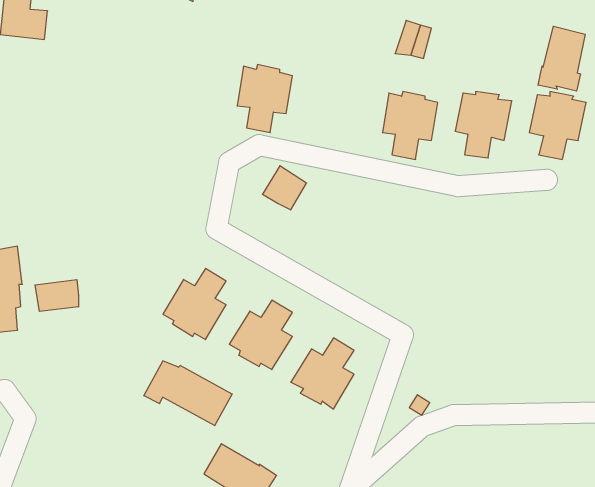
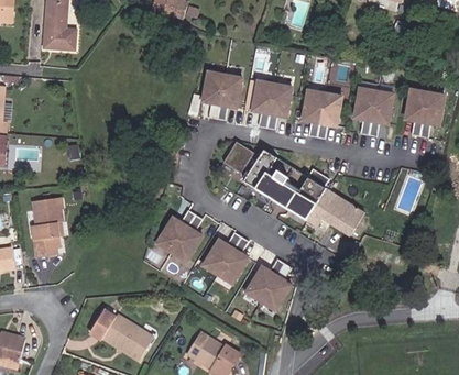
building: [538,26,585,91] -> none
building: none -> [258,79,297,126]
building: none -> [249,148,369,233]
building: [35,280,78,311] -> none
building: [144,361,232,426] -> [87,312,149,357]

